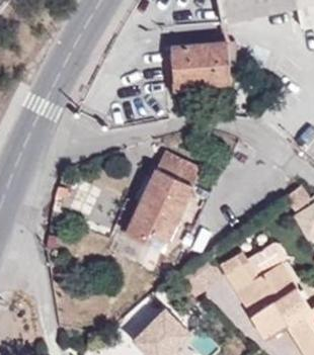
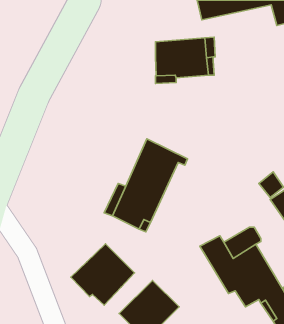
building: none -> [71,244,134,305]

